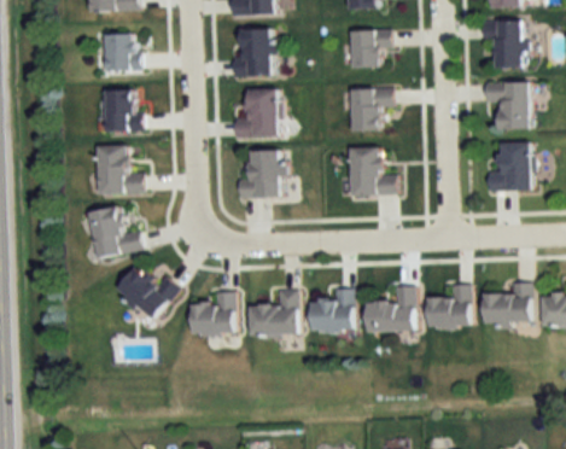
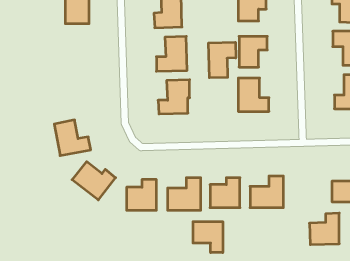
building: [105,91,136,133] -> none
building: none -> [209,42,236,78]
building: [97,146,142,194] -> none
building: [427,284,469,328] -> [309,213,339,245]
building: none -> [193,222,223,253]

